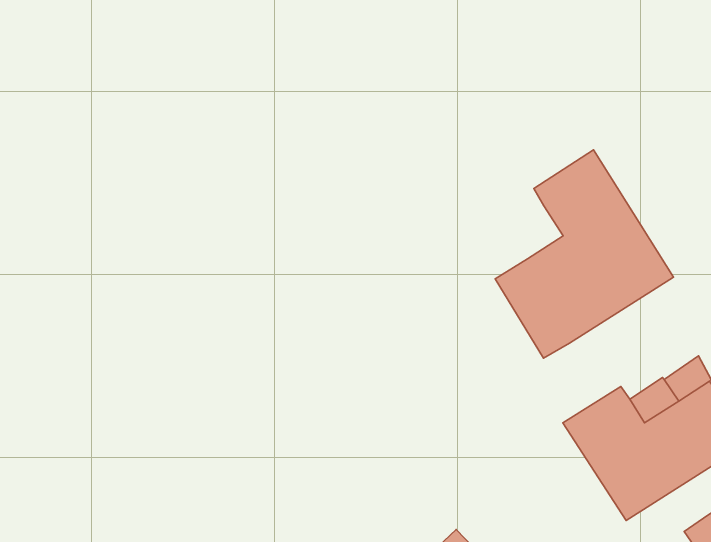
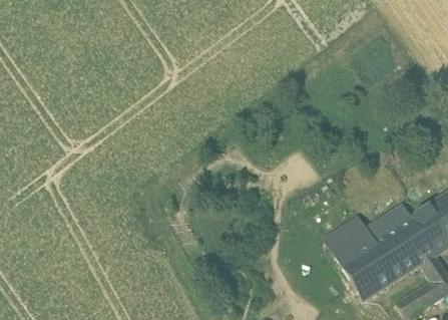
building: [495,150,673,358] -> none

